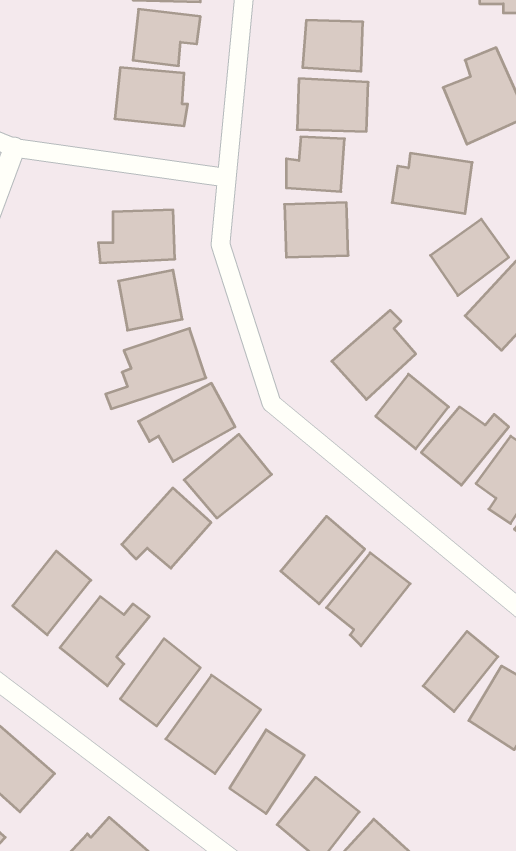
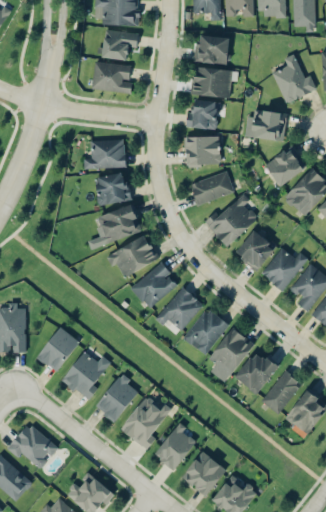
building: none -> [189,170,234,205]
building: [122,488,211,568] -> [154,286,203,330]
building: none -> [235,350,277,393]

